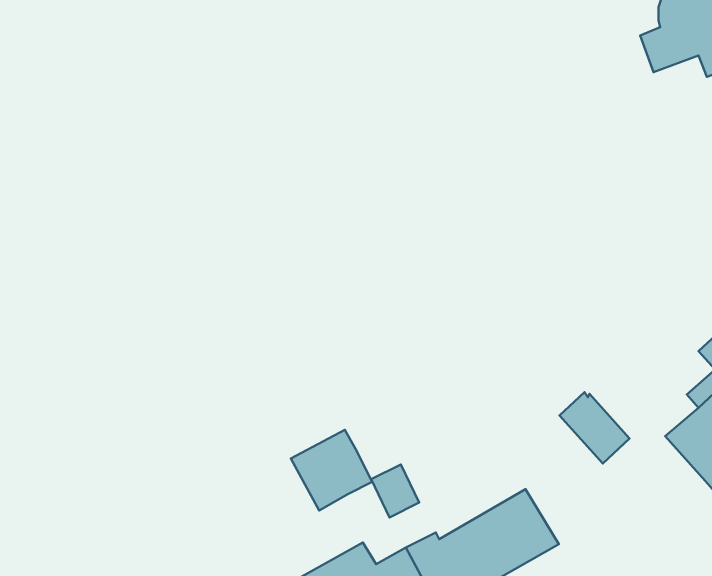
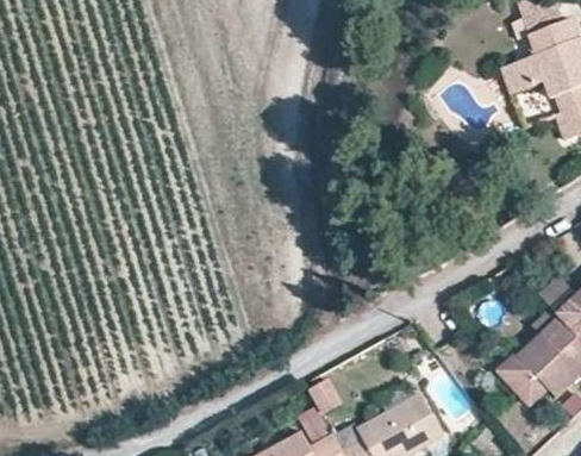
building: [560,392,629,464] -> [498,354,548,405]
building: [291,430,372,511] -> none

